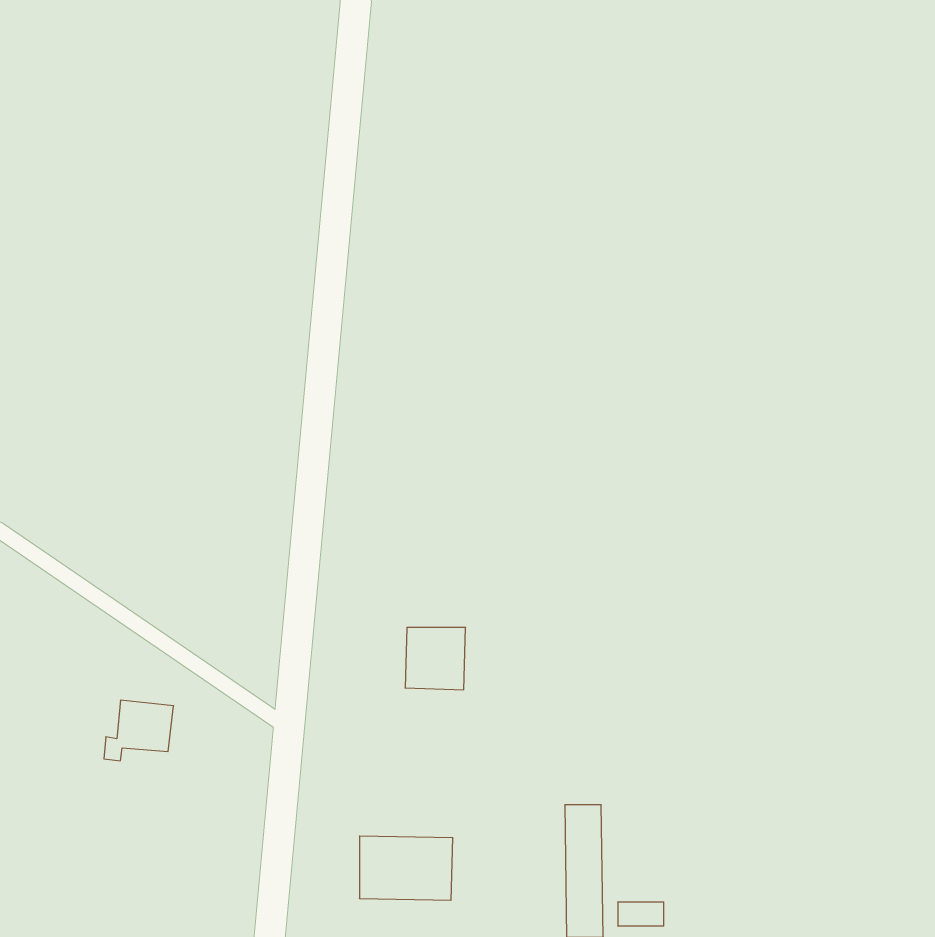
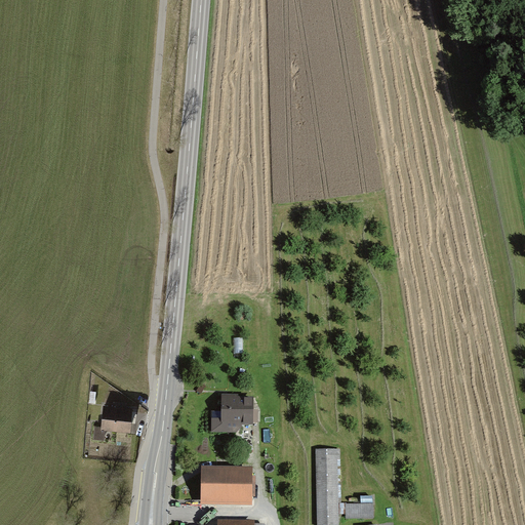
building: [405,627,466,690] -> [219,395,253,430]
building: [104,700,174,761] -> [93,406,132,440]

